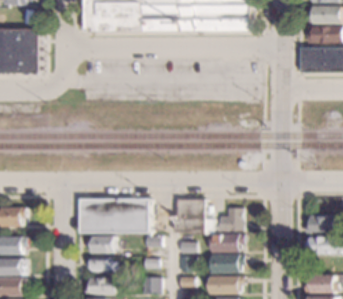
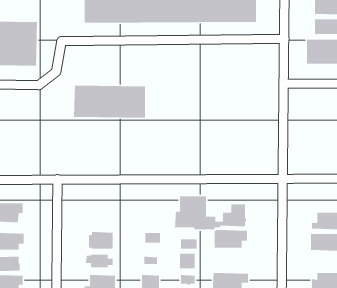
building: [78,199,149,232] -> [73,85,146,119]
building: [210,254,244,273] -> none

